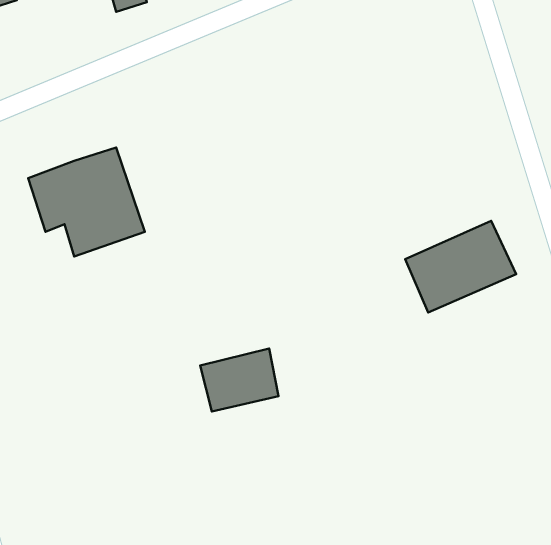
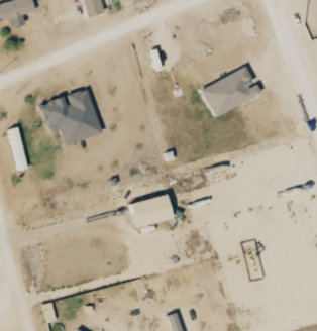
building: [405,221,516,313] -> [201,67,259,115]

